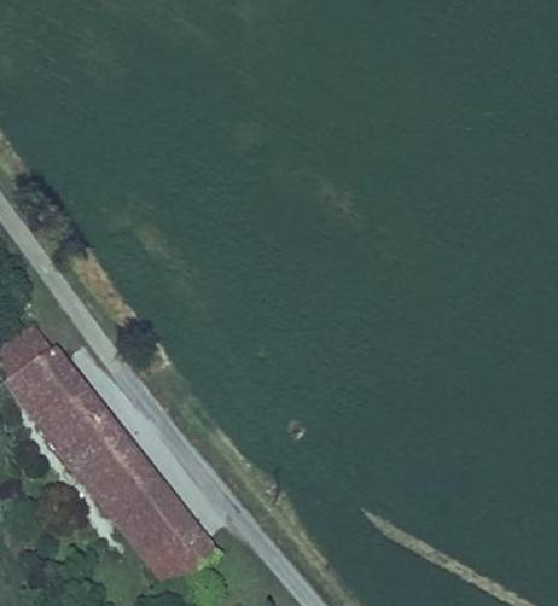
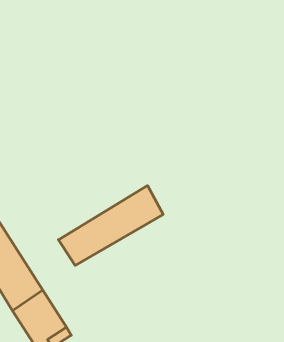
building: none -> [58,186,163,265]

